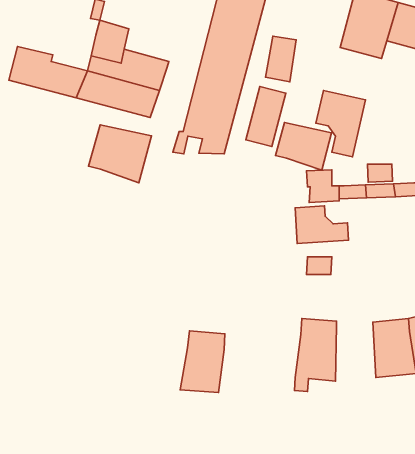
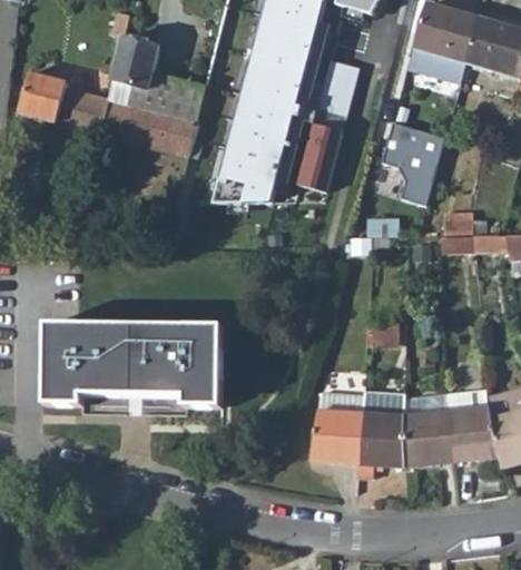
building: [275,123,332,170] -> none
building: [88,125,152,183] -> none
building: [295,206,348,243] -> none
building: none -> [47,325,225,409]
building: none -> [404,399,452,469]
building: [180,331,225,393] -> [311,391,364,464]

